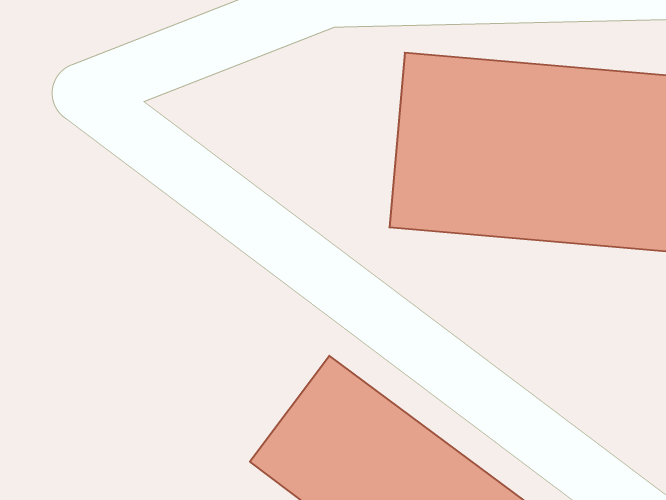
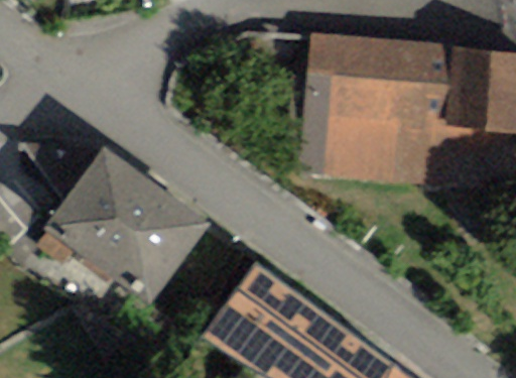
building: none -> [41,151,192,294]

